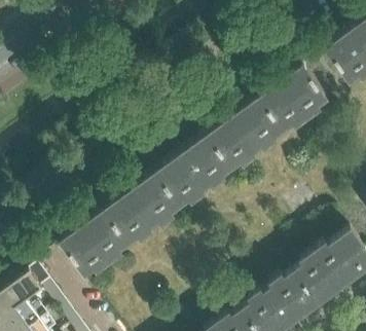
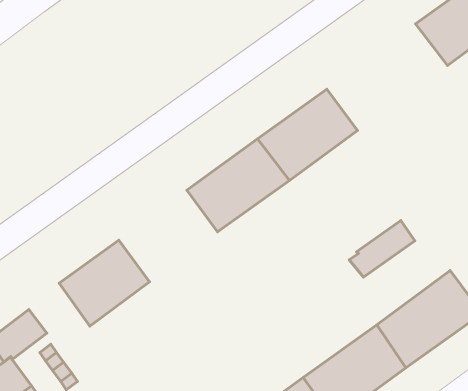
building: [260,66,326,128] -> none
building: [106,173,179,241] -> none
building: none -> [349,221,415,277]

